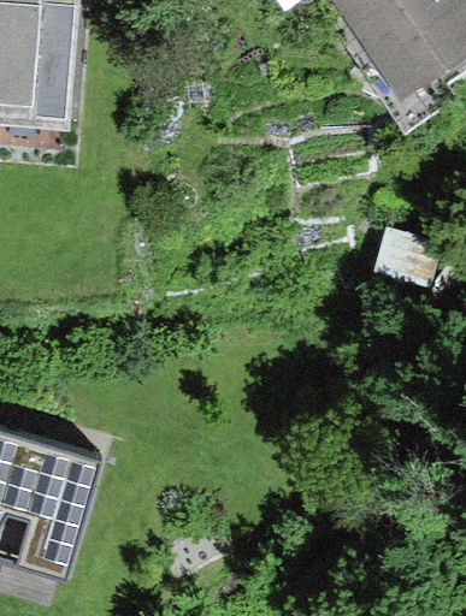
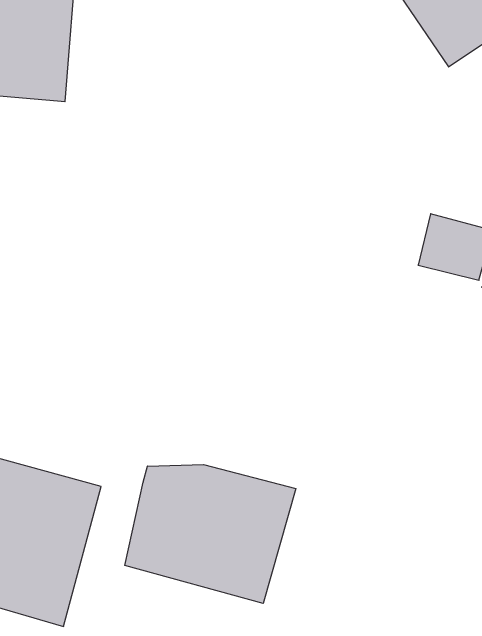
building: none -> [125,465,296,603]

